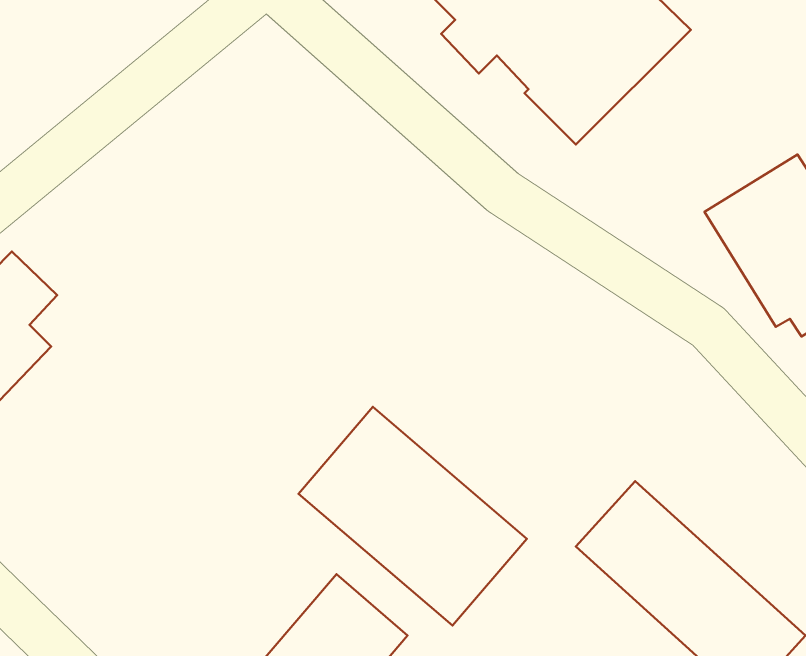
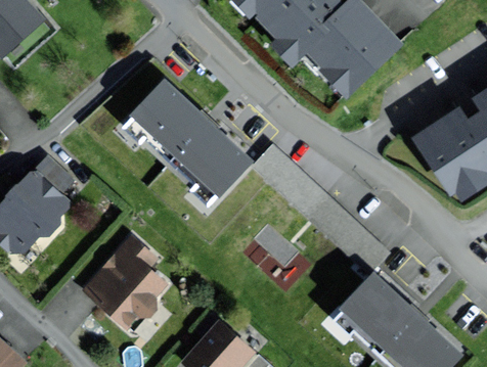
building: none -> [133,81,252,195]
building: [298,407,527,626] -> none
building: none -> [84,236,168,330]

